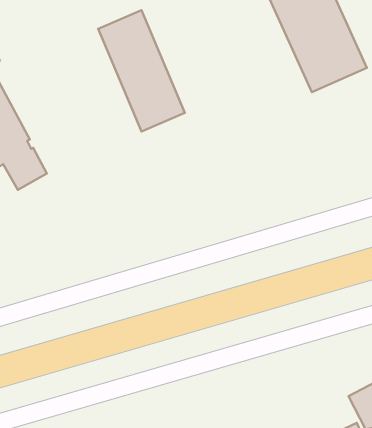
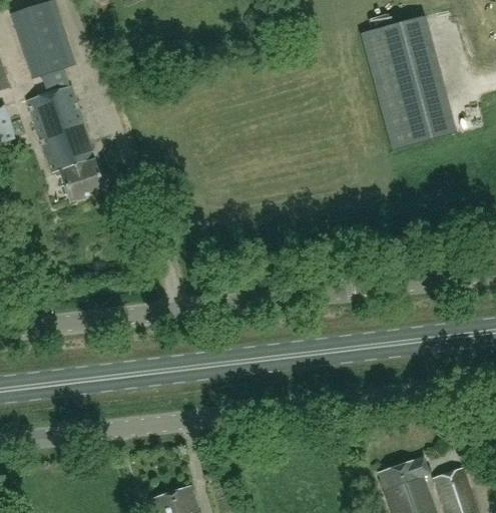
building: [98,10,185,131] -> none

